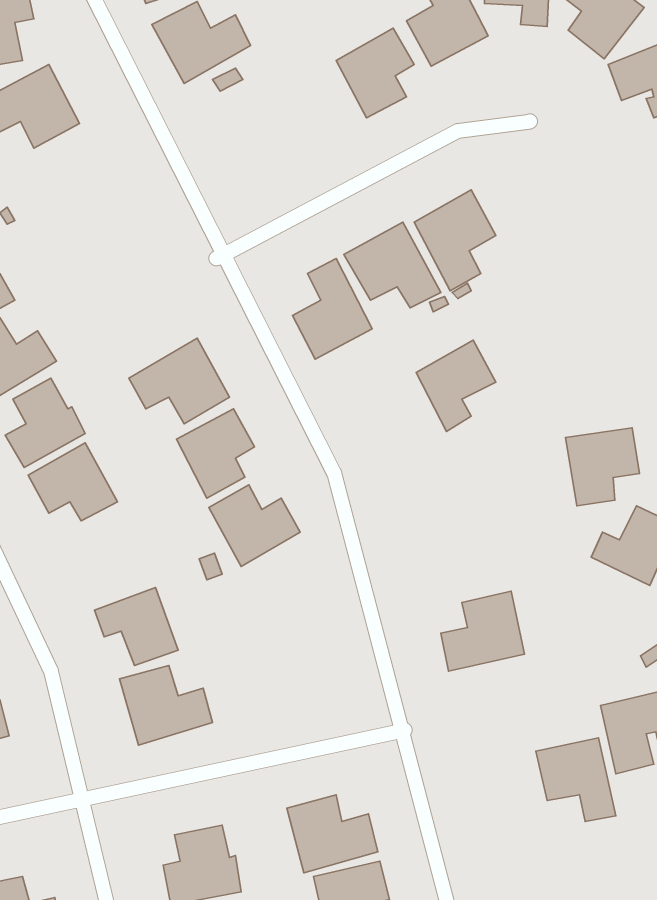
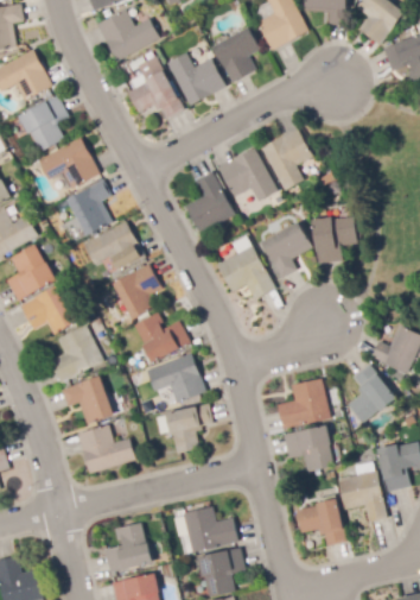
building: none -> [166,52,227,106]
building: none -> [127,71,184,118]
building: none -> [19,94,69,152]
building: none -> [38,137,100,188]
building: none -> [68,179,113,235]
building: none -> [216,245,275,299]
building: [565,428,640,506] -> [311,215,357,264]
building: none -> [50,324,103,383]
building: none -> [146,353,205,403]
building: none -> [348,364,396,422]
building: none -> [166,403,214,454]
building: none -> [284,424,336,472]
building: none -> [297,494,345,547]

